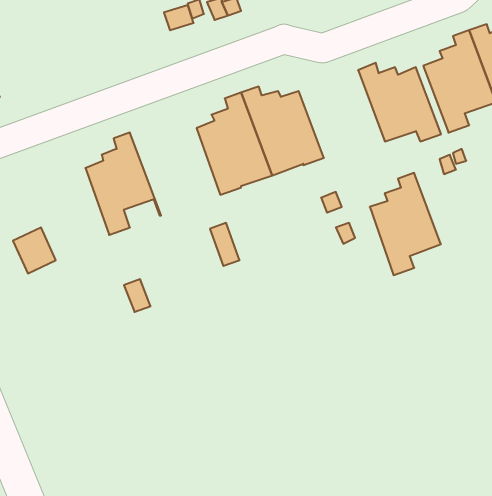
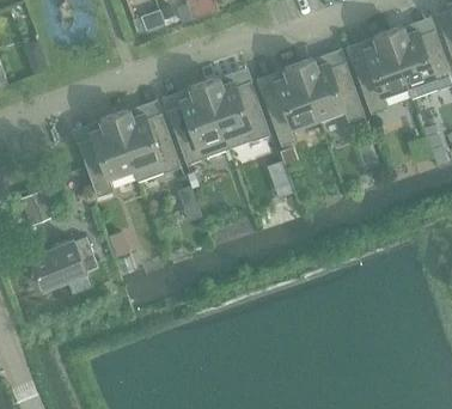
building: none -> [114,109,181,181]
building: [370,173,441,275] -> [262,63,319,146]
building: none -> [30,237,99,289]

